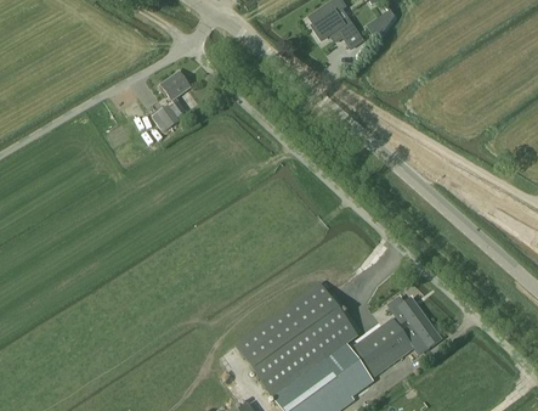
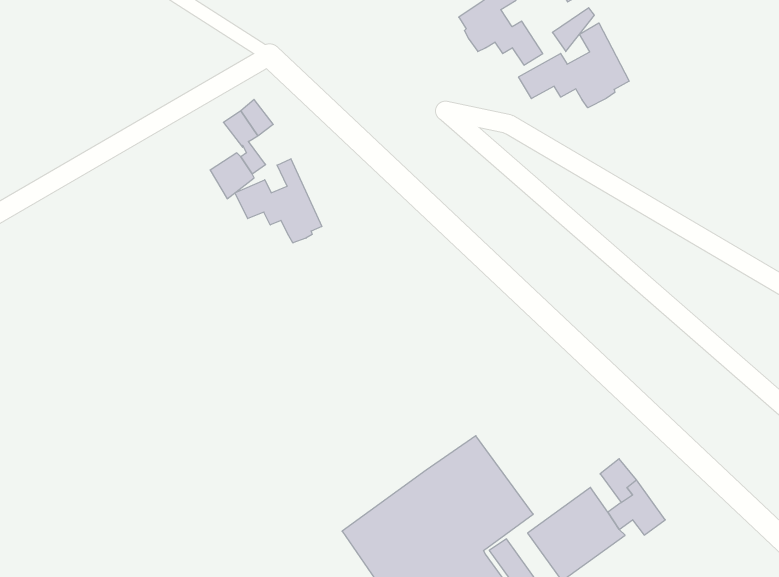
building: none -> [519,23,629,108]
building: none -> [235,159,322,243]

